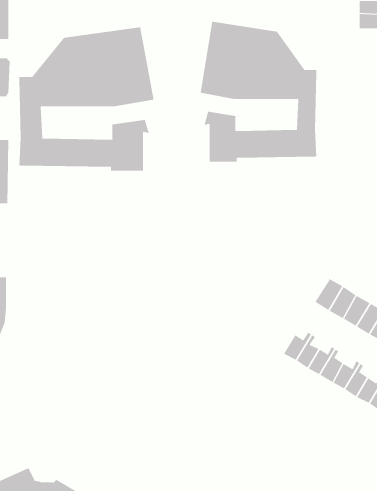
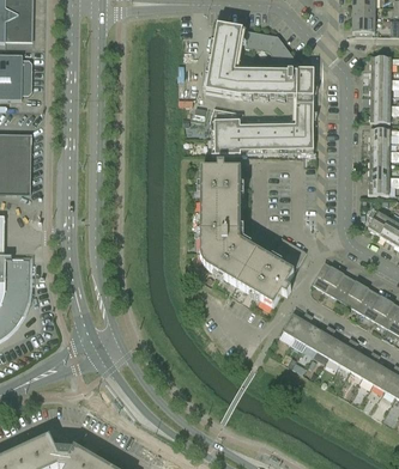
building: [19,27,154,171] -> none
building: none -> [200,162,307,306]

